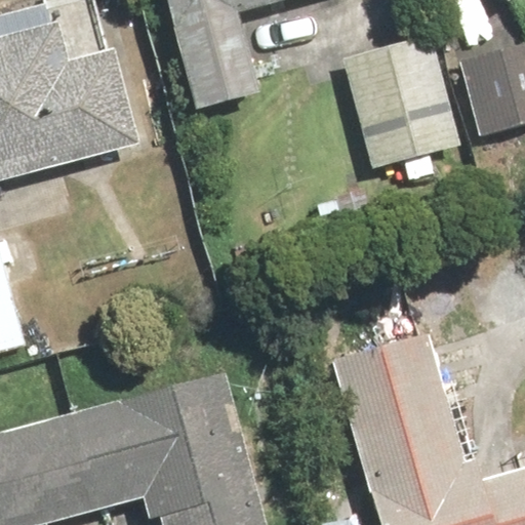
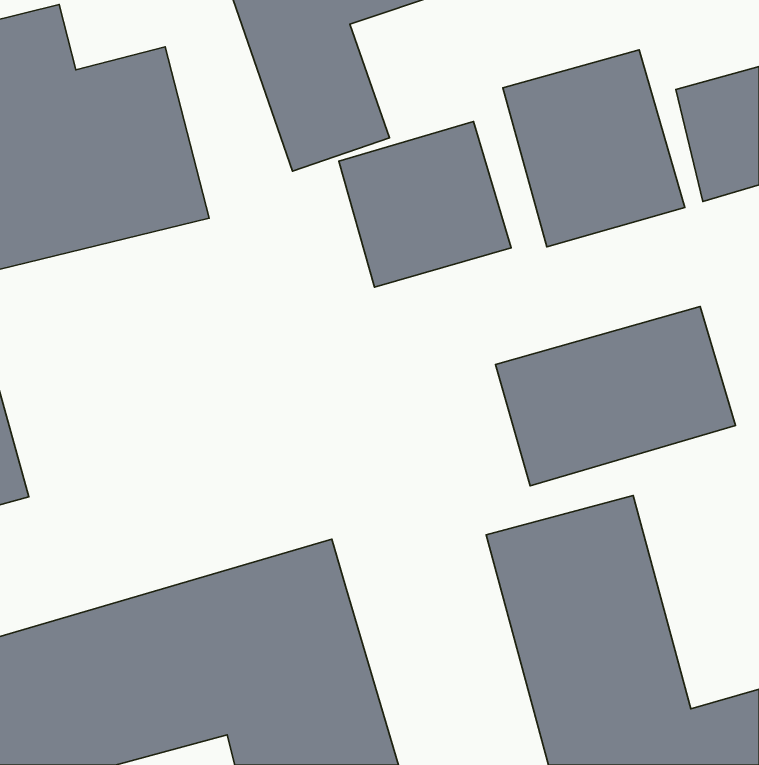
building: none -> [339,122,511,287]
building: none -> [495,306,736,486]

